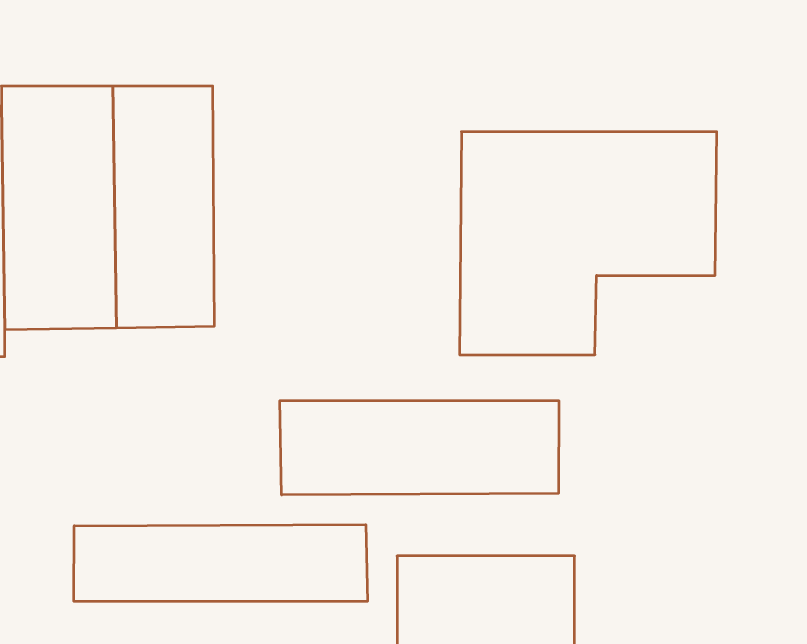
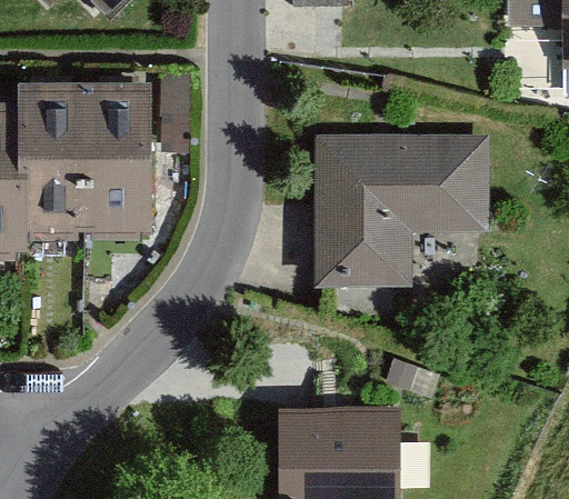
building: [280,401,559,495] -> none
building: [74,525,367,601] -> none

